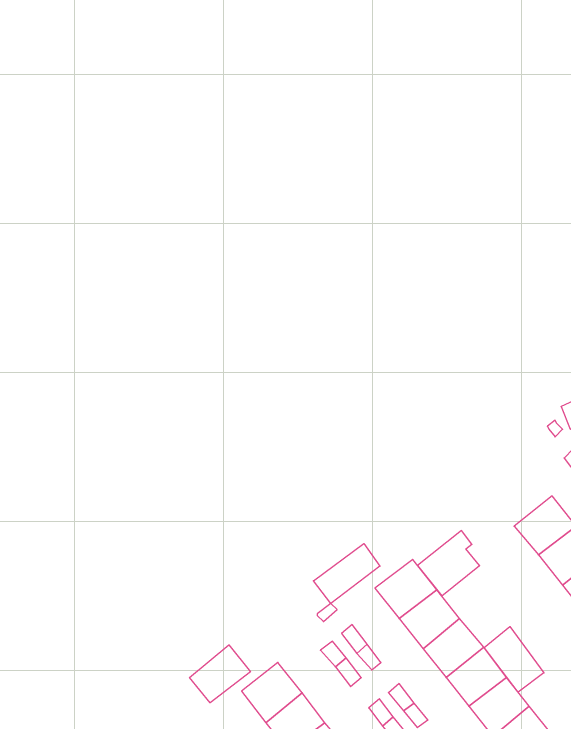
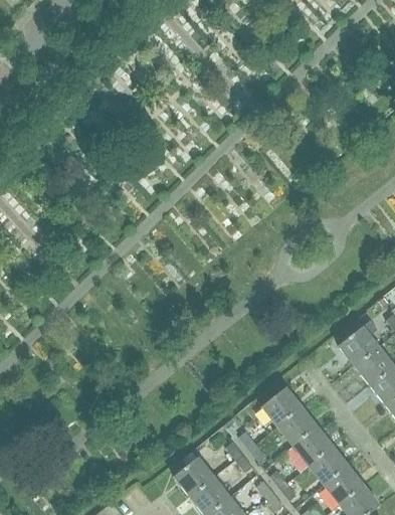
building: [417,531,480,596] -> [338,323,379,366]
building: [313,544,380,603] -> none
building: [484,627,544,692] -> none
building: [190,645,250,703] -> none

